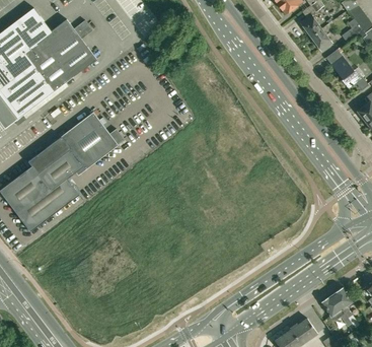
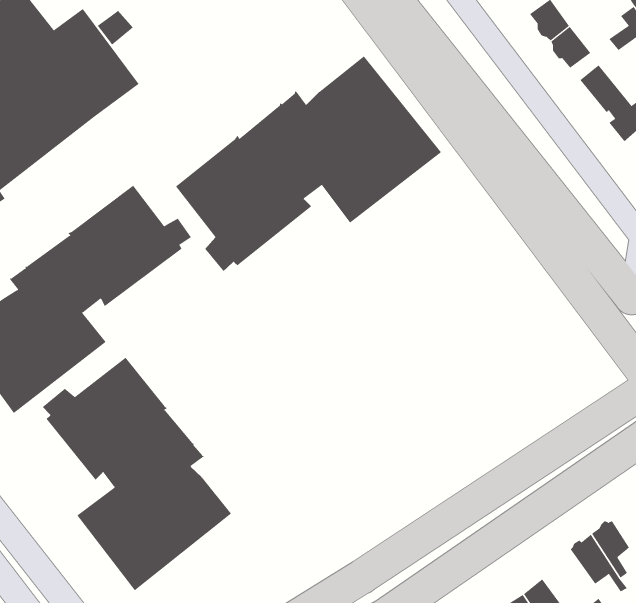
building: none -> [175,55,442,272]
building: none -> [42,357,232,591]

